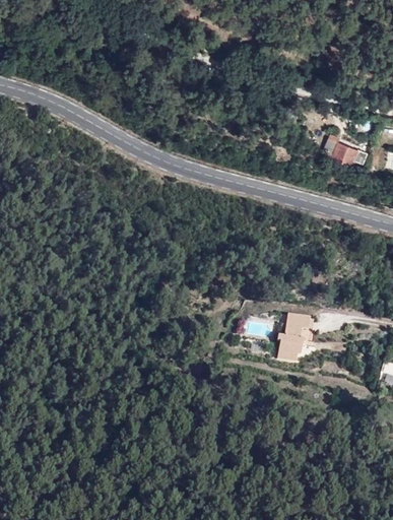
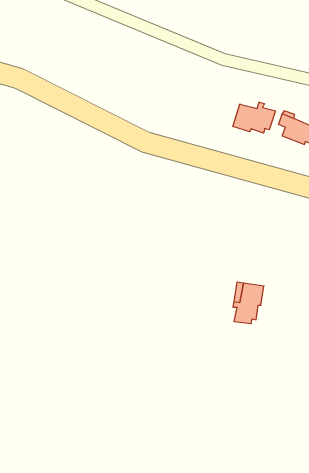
building: none -> [233,102,276,133]

